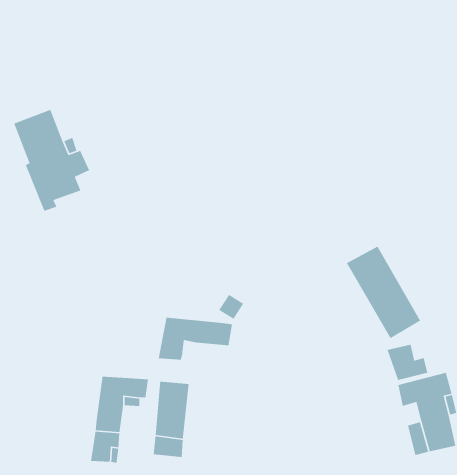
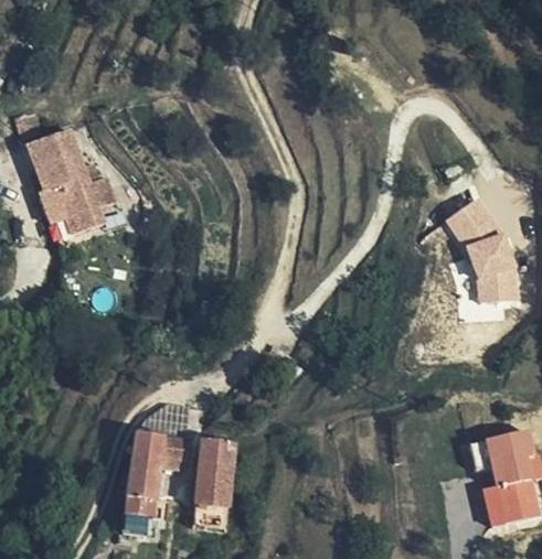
building: [346,246,421,339] -> [442,194,528,301]
building: [158,317,233,361] -> none
building: [386,344,428,381] -> none

